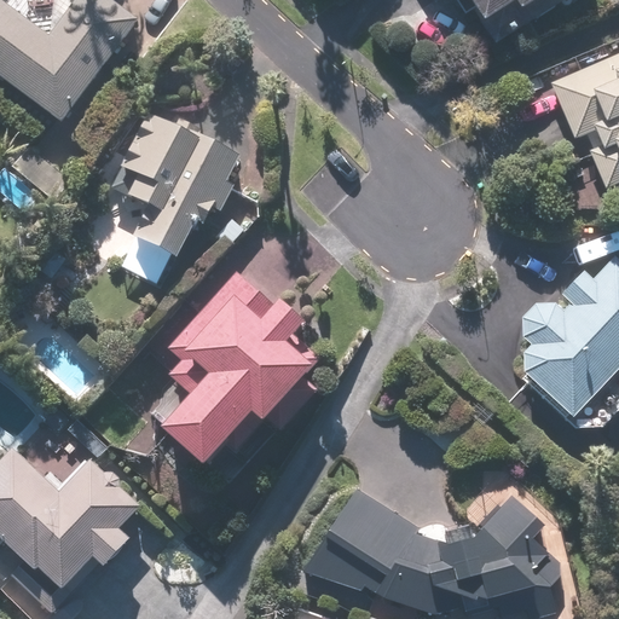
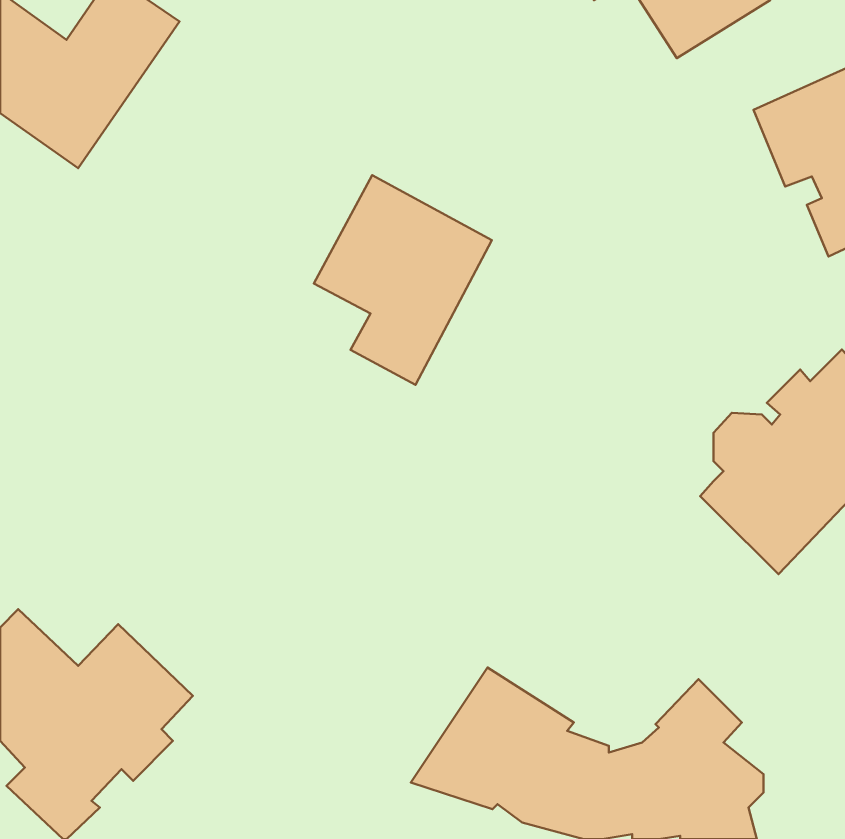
building: [106,110,236,262] -> [314,175,492,385]
building: [155,270,311,470] -> none

